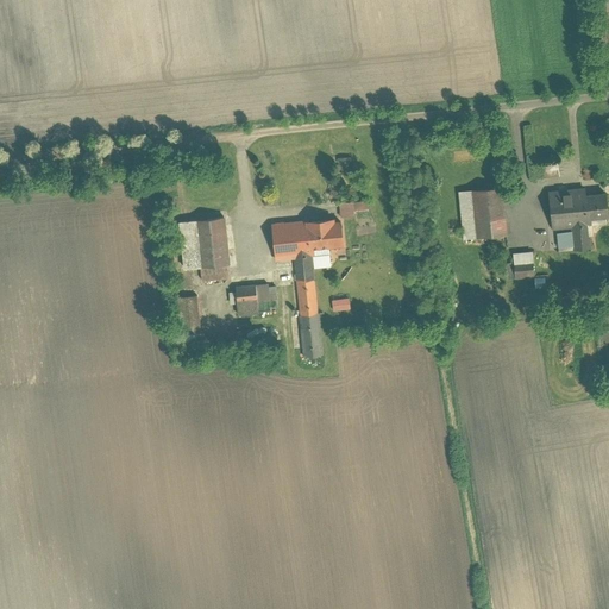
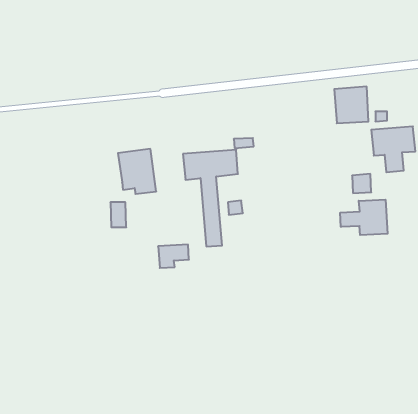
building: [460,188,509,240] -> [334,87,368,123]
building: [226,285,270,319] -> [158,245,189,268]
building: none -> [340,200,388,235]

